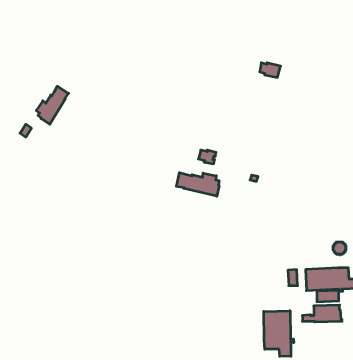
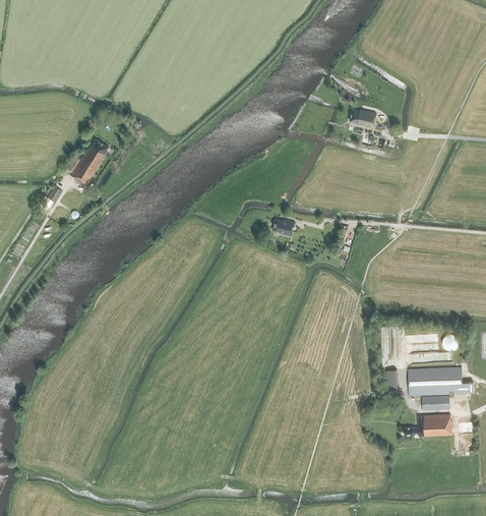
building: [176,173,219,196] -> none
building: [264,311,294,356] -> none

